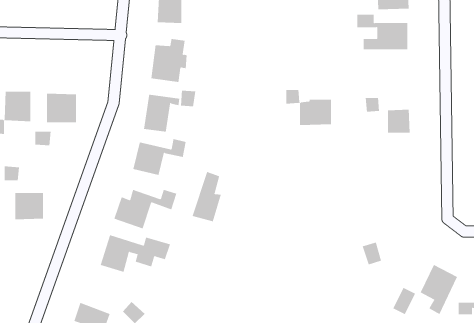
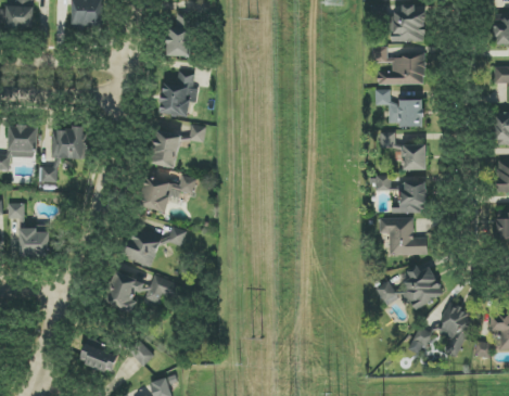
building: [285,90,332,125] -> [374,90,422,127]
building: none -> [400,181,425,213]
building: [192,171,222,222] -> none
building: none -> [379,217,427,255]
building: none -> [394,265,442,307]

